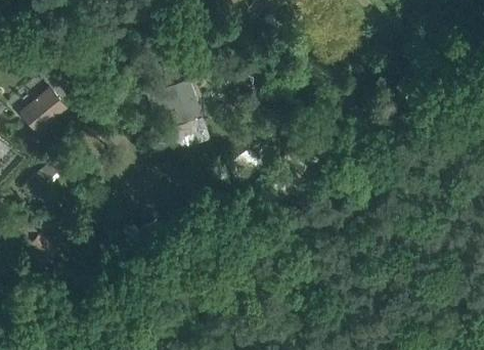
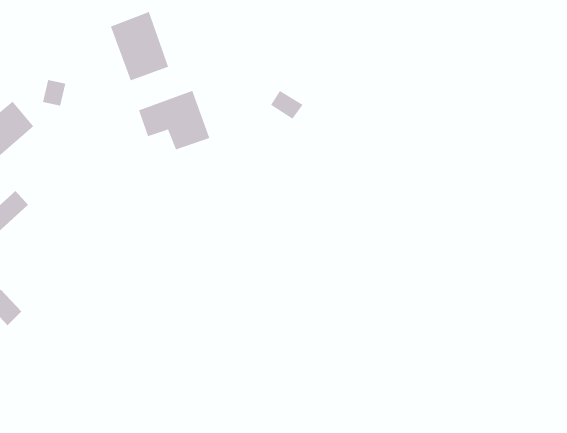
building: none -> [110,11,169,81]

